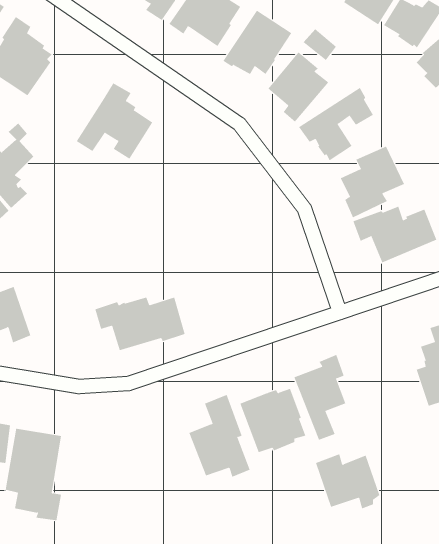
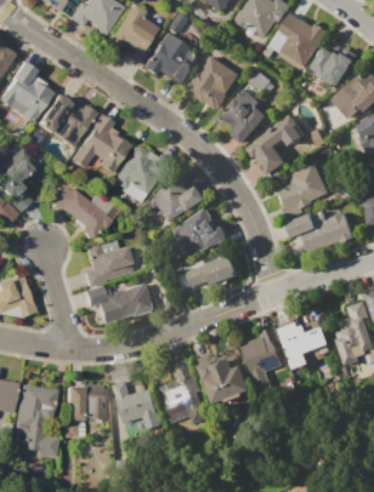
building: none -> [38,92,97,147]
building: none -> [114,144,170,194]
building: none -> [149,175,206,222]
building: none -> [53,188,121,238]
building: none -> [174,208,231,256]
building: none -> [85,238,136,286]
building: none -> [180,256,239,288]
building: none -> [113,381,162,429]
building: none -> [68,383,109,419]
building: [315,453,380,509] -> [280,317,331,361]

